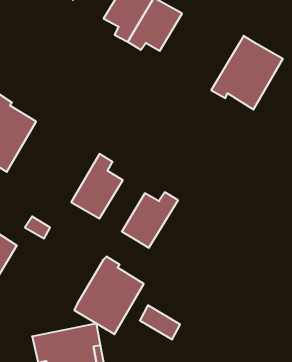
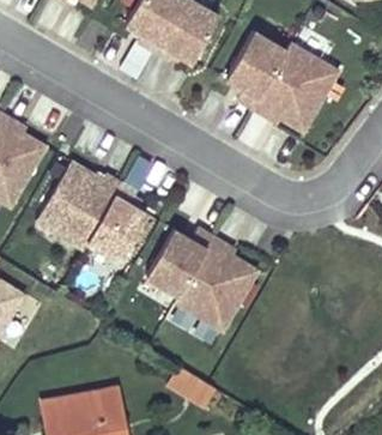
building: none -> [228,32,287,109]
building: none -> [36,162,121,249]
building: [74,257,144,334] -> [176,240,259,332]

